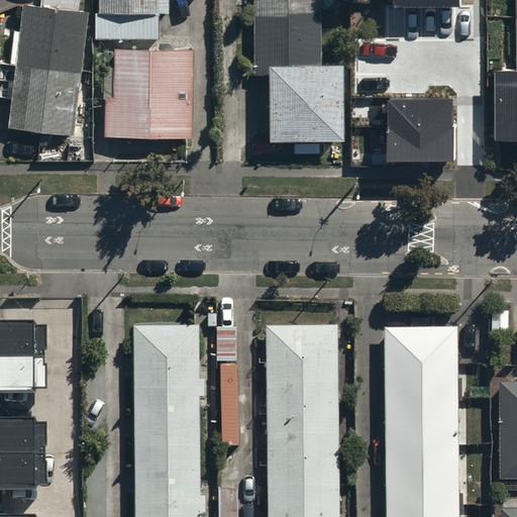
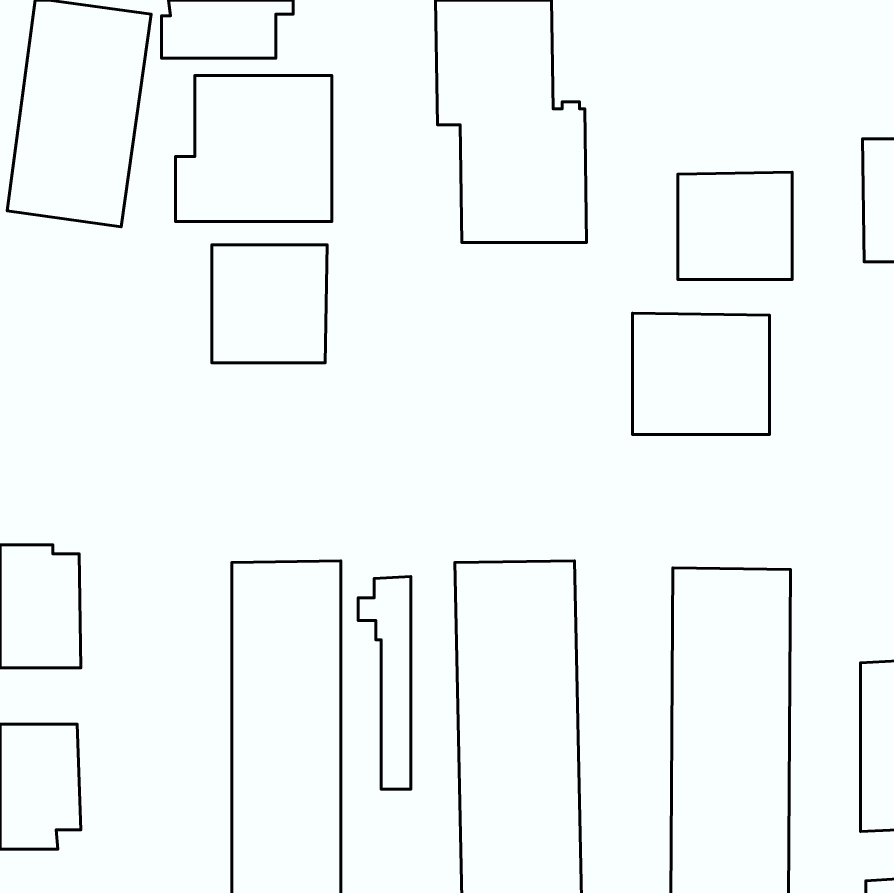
building: none -> [212,245,327,363]
building: none -> [633,313,769,434]

